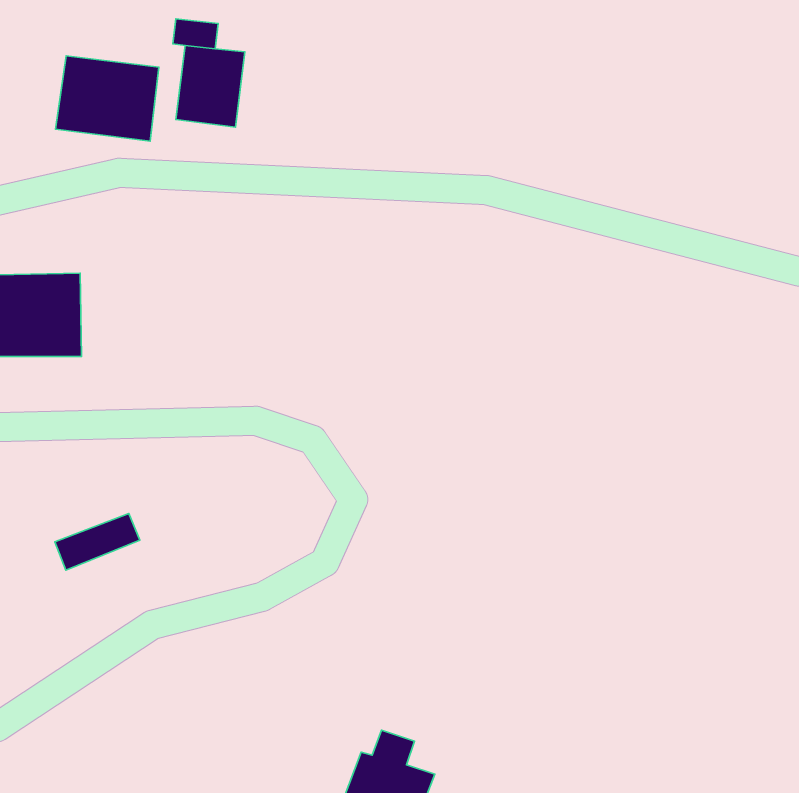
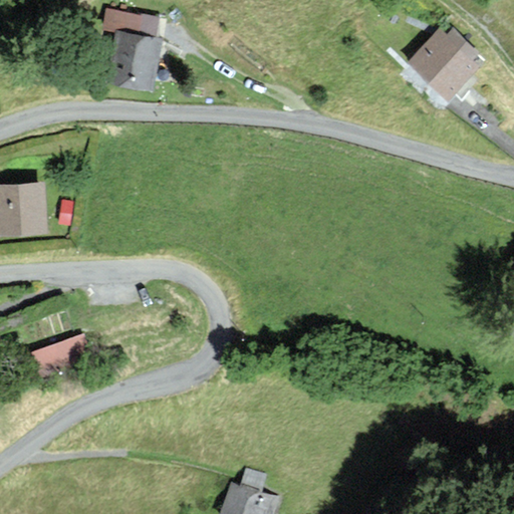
building: none -> [408,26,475,98]
building: [55,56,159,141] -> none

